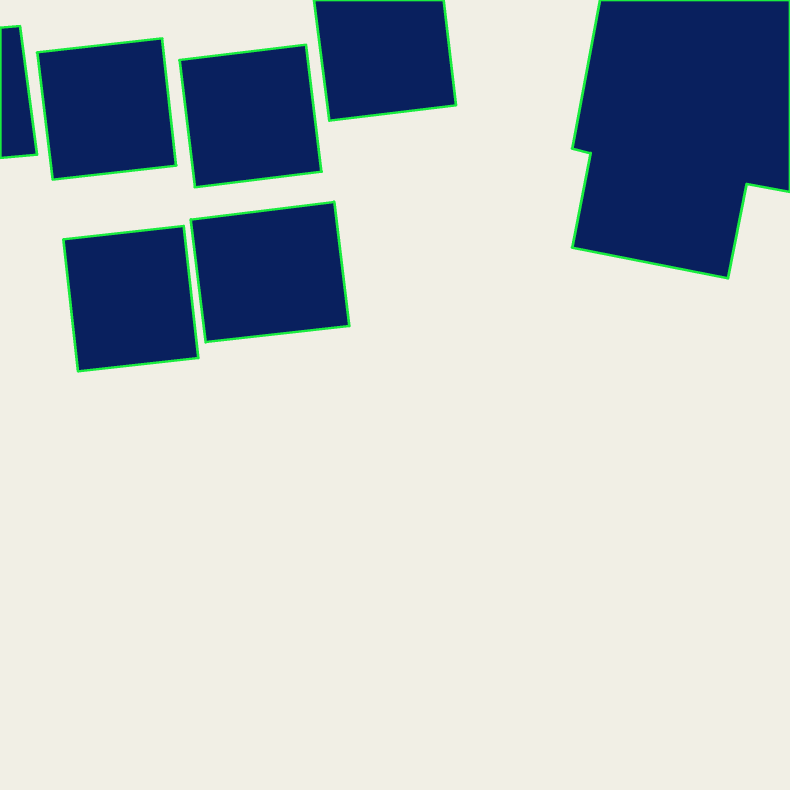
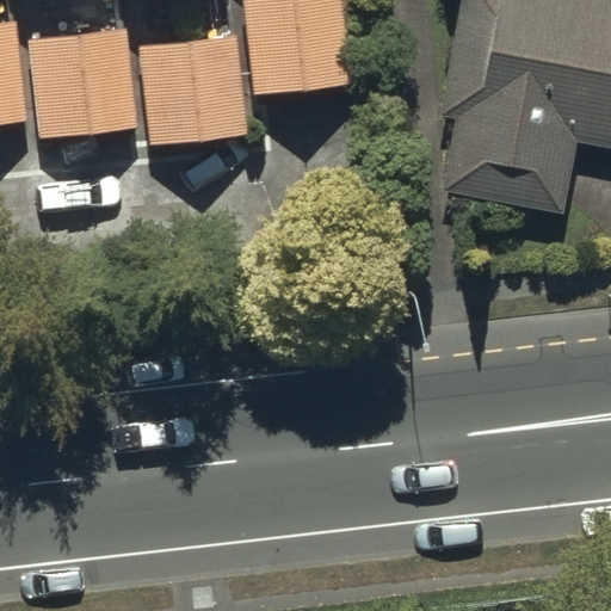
building: [191,202,349,342] -> none
building: [64,226,198,371] -> none

